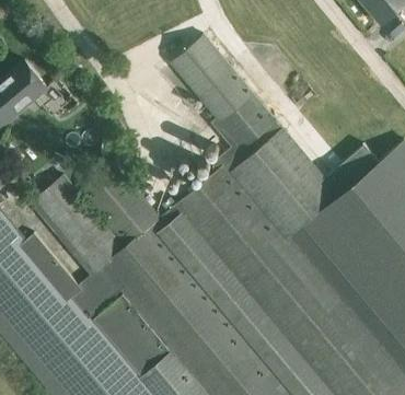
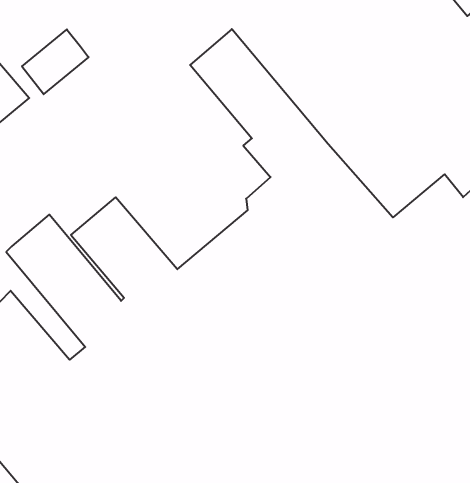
building: none -> [22,29,89,94]

